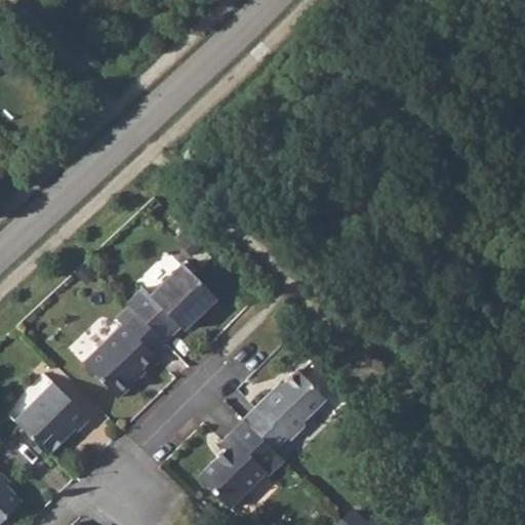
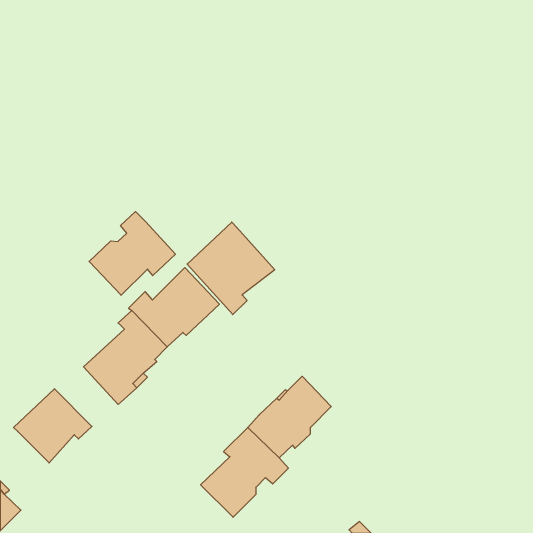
building: none -> [89,212,175,295]
building: none -> [187,222,275,315]

